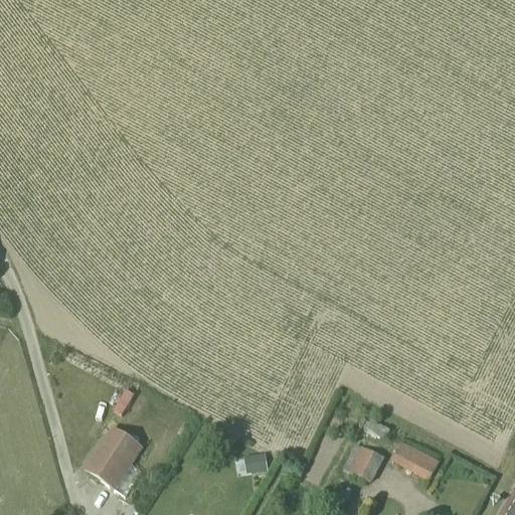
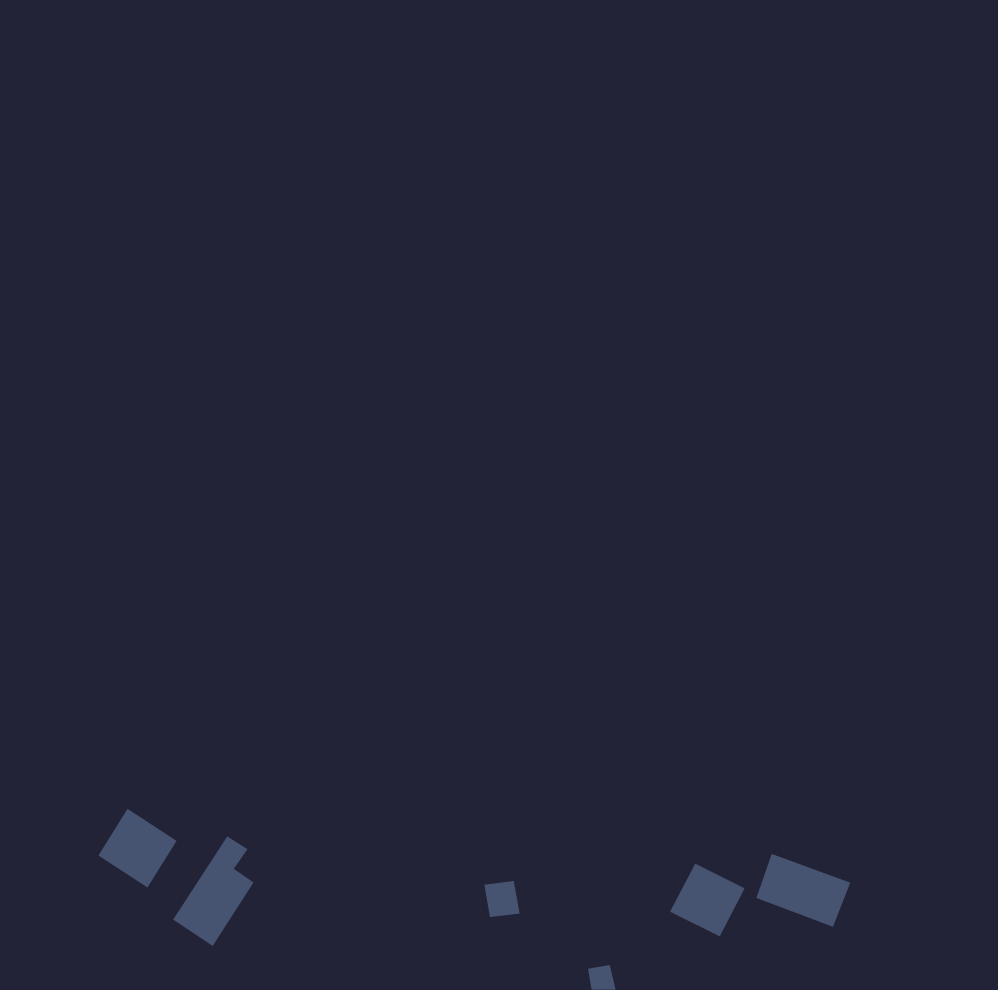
building: none -> [97,808,178,888]

